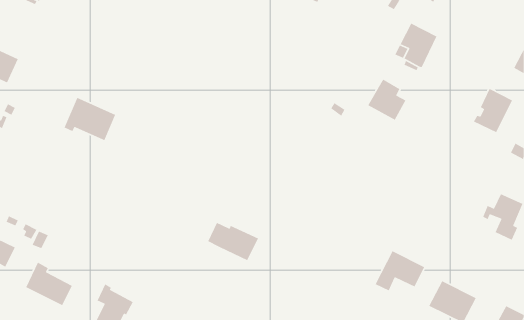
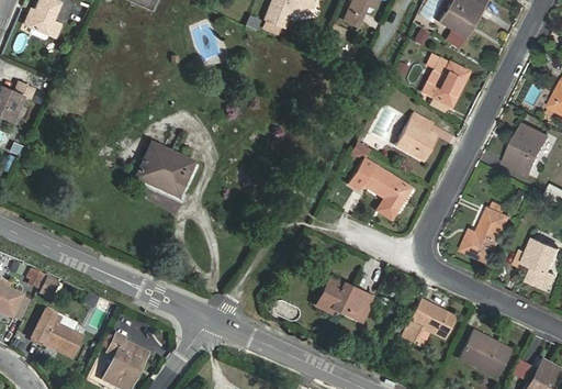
building: [63,97,116,141] -> [136,143,192,190]
building: none -> [348,158,411,219]
building: none -> [462,209,509,263]
building: [207,222,259,261] -> [318,279,373,321]

